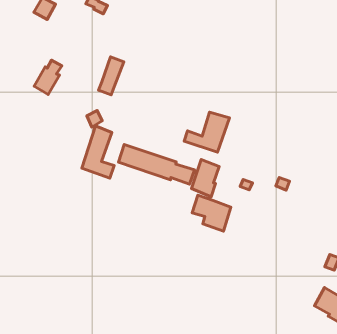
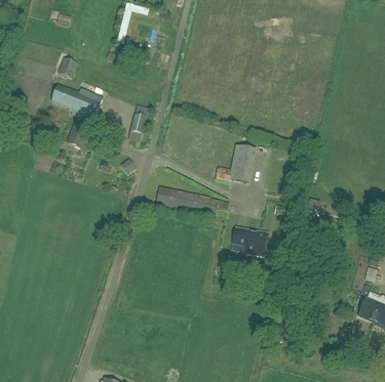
building: none -> [51,84,103,121]
building: [82,126,114,178] -> none
building: [191,160,219,197] -> none

